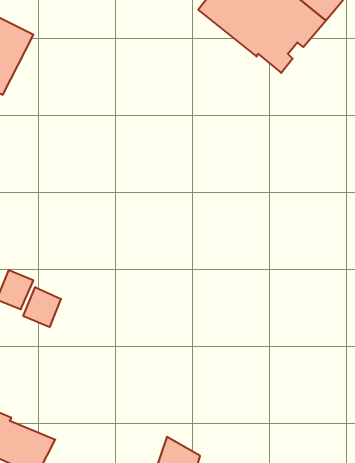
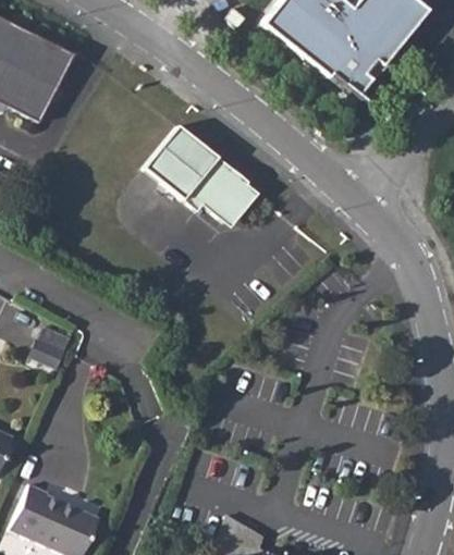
building: none -> [147,123,262,218]
building: [23,287,61,327] -> none

